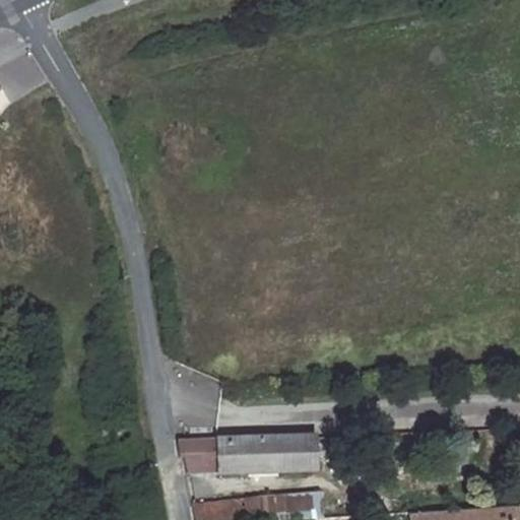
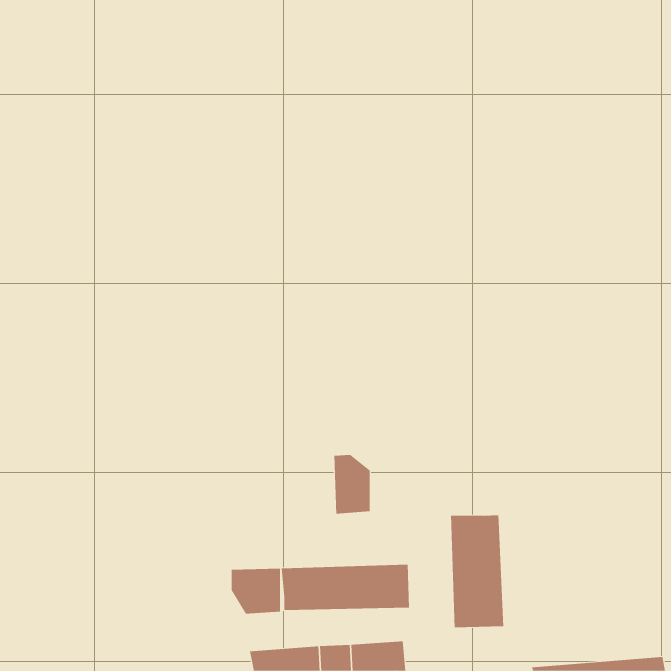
building: none -> [334,454,370,514]
building: none -> [451,514,504,628]

